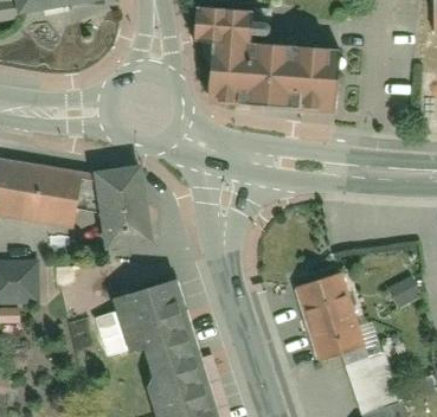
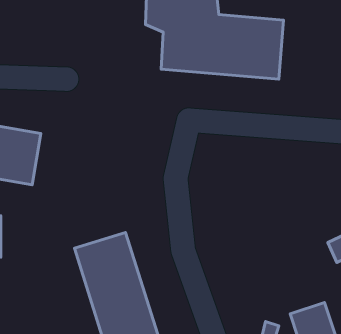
building: [92,168,154,249] -> none
building: [302,270,369,366] -> none

